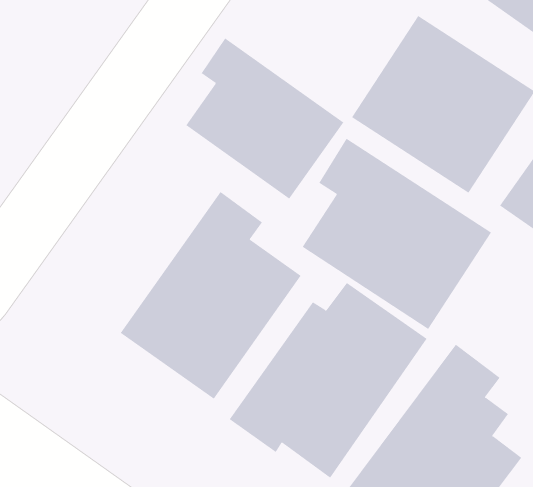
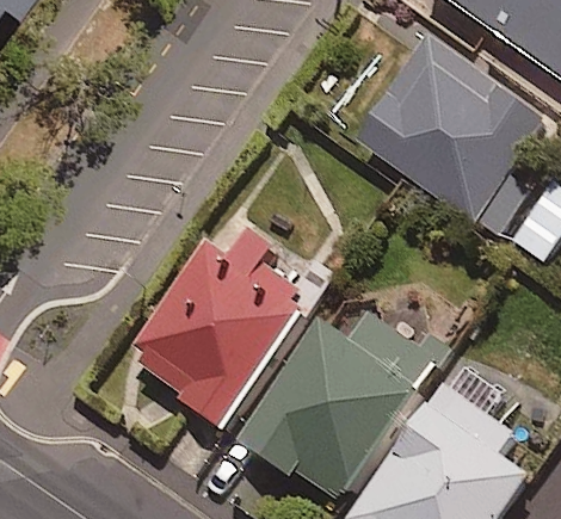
building: [185,37,344,199] -> none
building: [302,138,492,330] -> none

